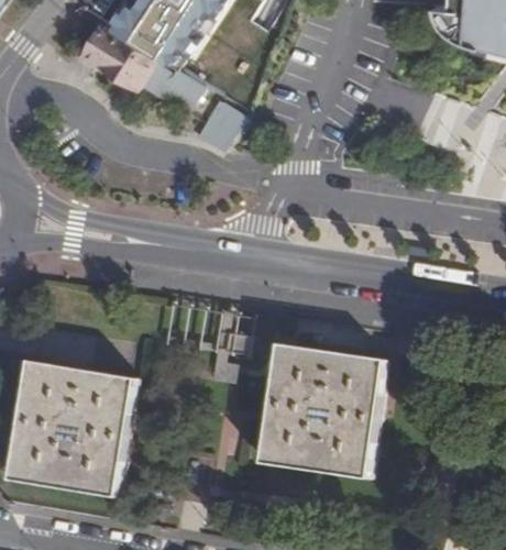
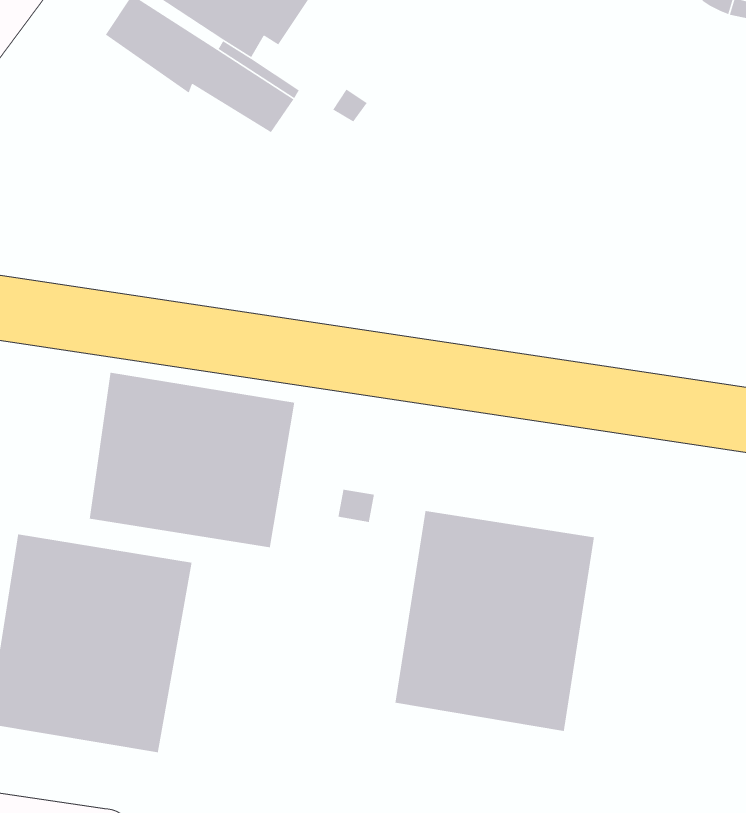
building: [198,104,243,152] -> none
building: none -> [89,372,295,548]

